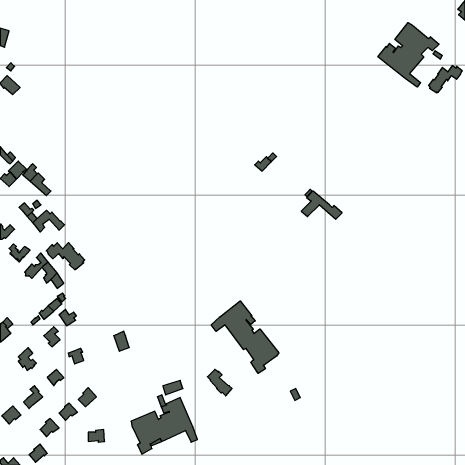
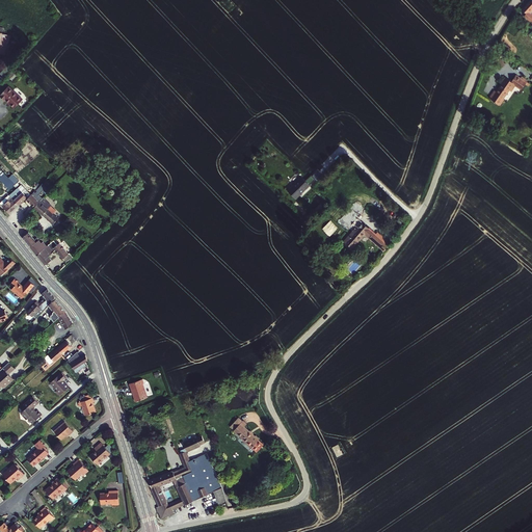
building: [378,23,439,87] -> none
building: [46,243,85,270] -> none
building: [211,301,279,373] -> none

